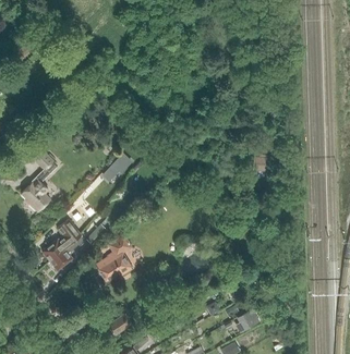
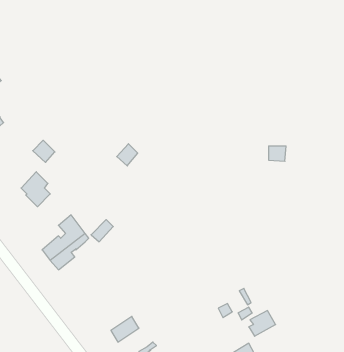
building: [95,233,133,282] -> none

